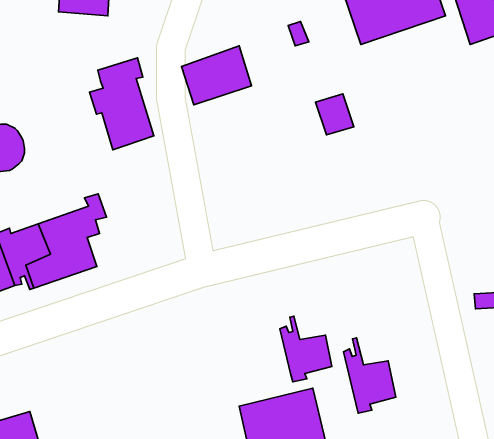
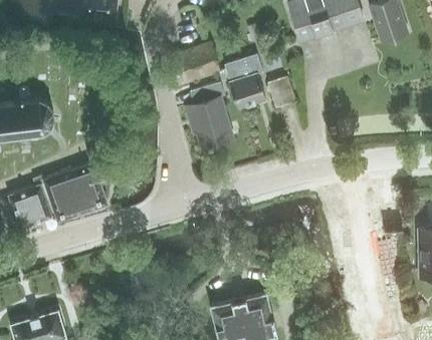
building: [90,58,154,150] -> [185,82,232,149]
building: none -> [223,54,265,108]
building: [280,316,332,382] -> none
building: [343,338,396,413] -> none

